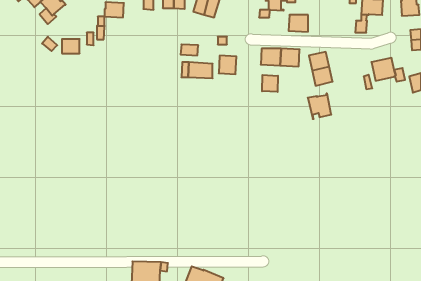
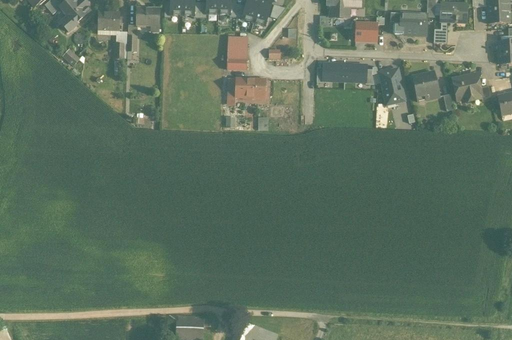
building: none -> [399,13,426,35]
building: [62,39,80,53] -> [98,12,119,29]
building: [219,56,236,74] -> [227,36,248,58]
building: [262,75,278,92] -> none
building: [308,94,331,119] -> [411,71,439,101]

